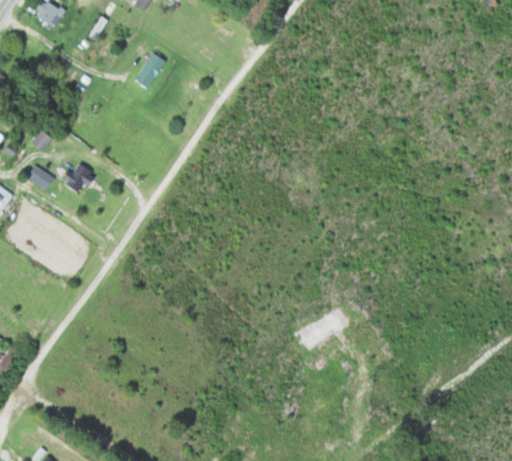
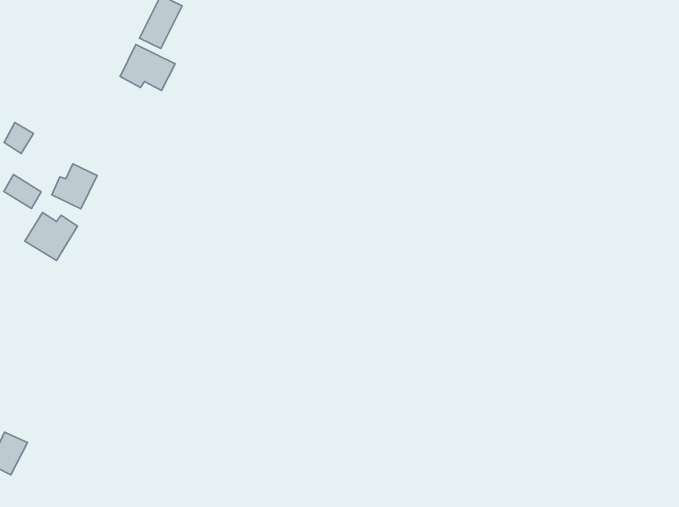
building: none -> [120,45,175,91]
building: none -> [25,212,78,261]

